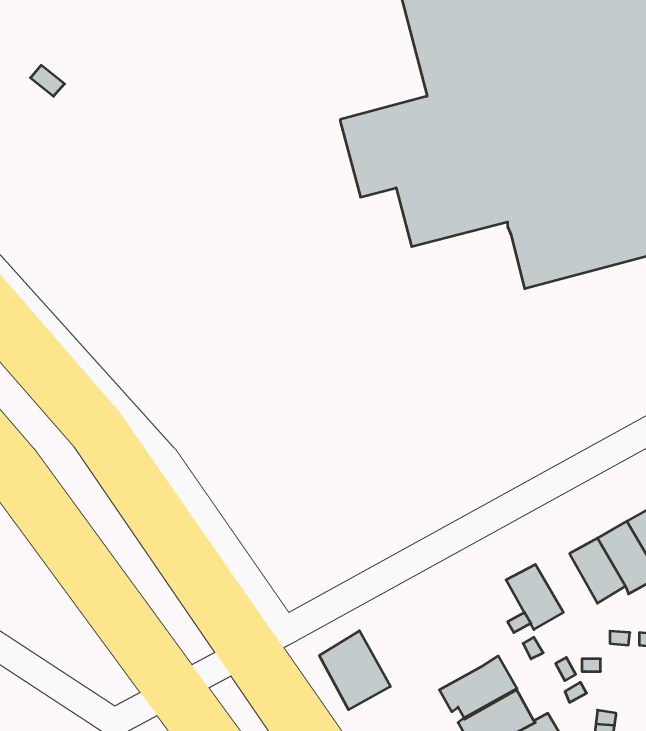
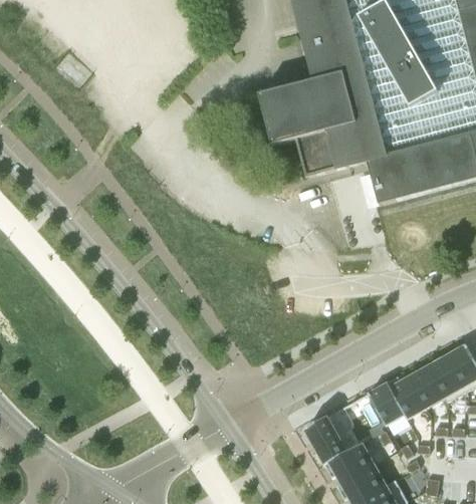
building: none -> [387,375,427,419]
building: [319,631,390,710] -> [305,413,351,464]

